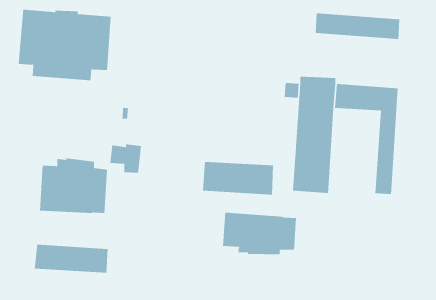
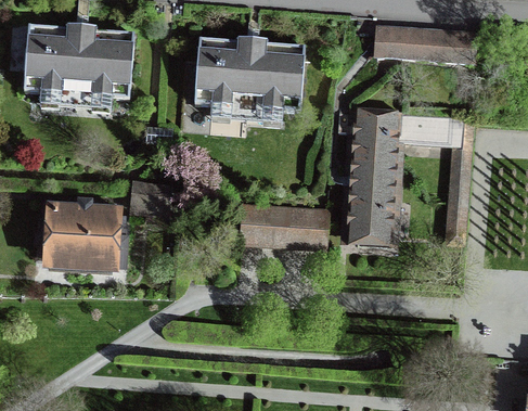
building: none -> [194,38,305,123]
building: [223,212,296,255] -> none
building: [34,244,108,273] -> none

